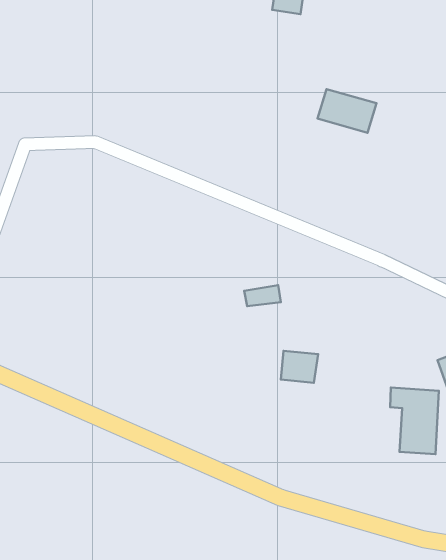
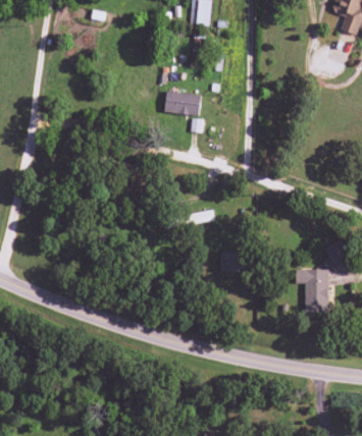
building: [317,89,377,133] -> [163,90,202,116]

